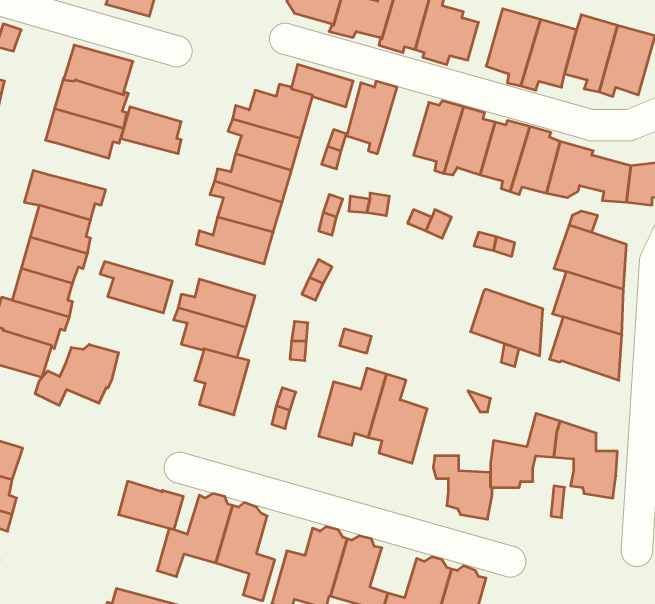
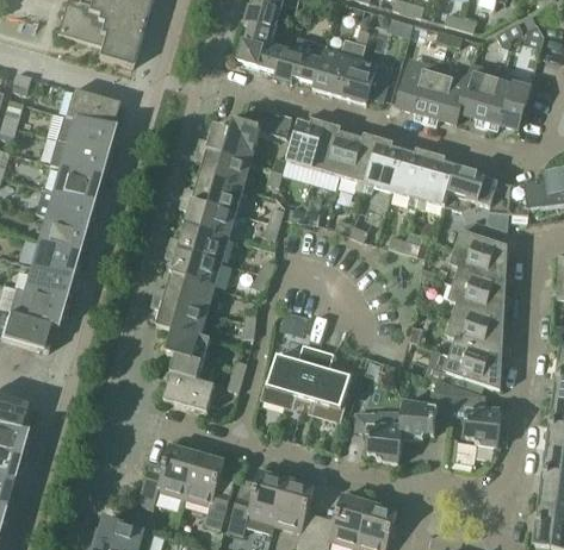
building: none -> [311,123,352,177]
building: [121,107,181,154] -> [51,167,99,204]
building: [100,262,172,313] -> [165,246,222,287]
building: [470,289,543,356] -> [445,338,502,390]
building: [35,344,119,405] -> none
building: [118,481,183,530] -> [163,373,215,411]

